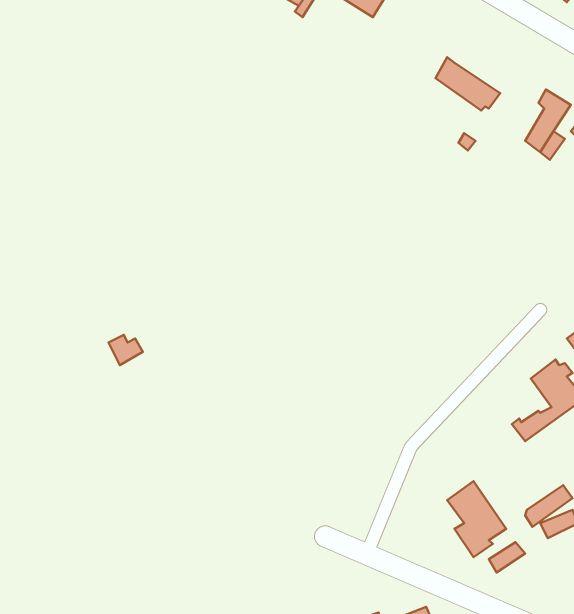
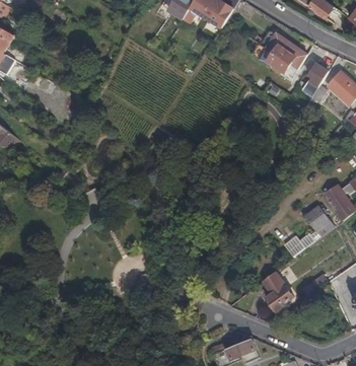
building: none -> [266,33,306,70]

